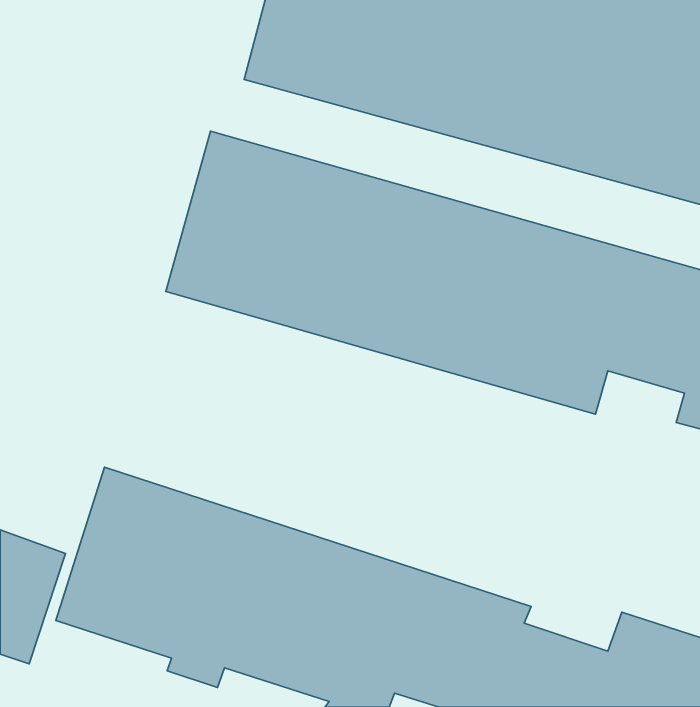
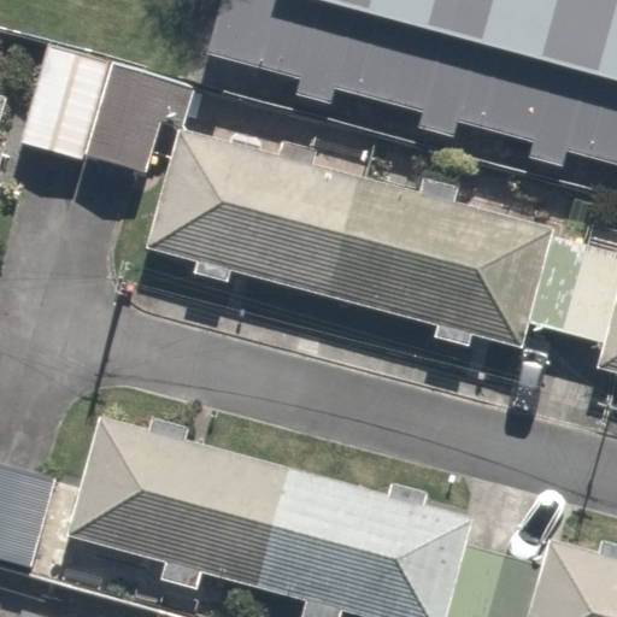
building: none -> [27,47,172,177]

